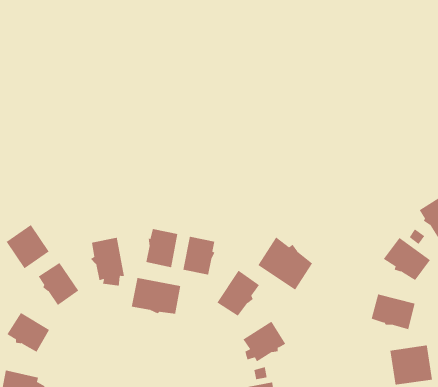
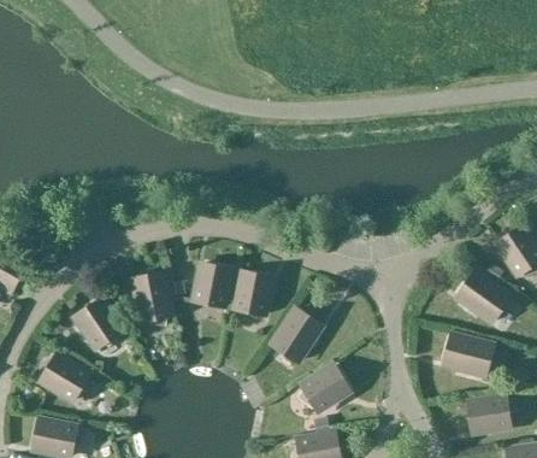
building: [6,224,49,269] -> none
building: [258,236,313,290] -> none
building: [131,277,181,314] -> none

